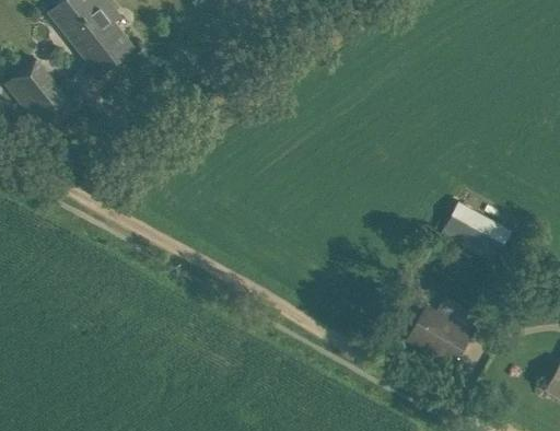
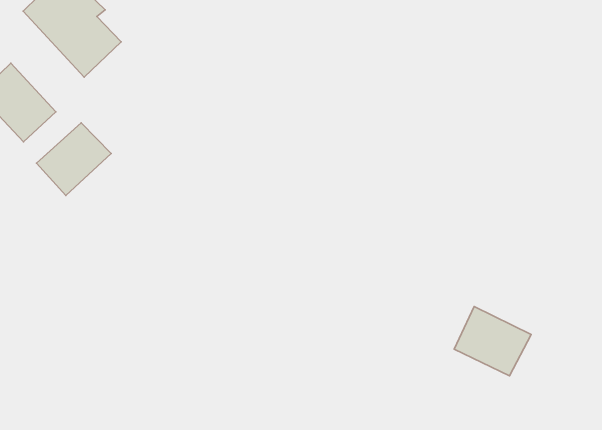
building: none -> [37,123,111,196]
building: [442,200,511,263] -> none

